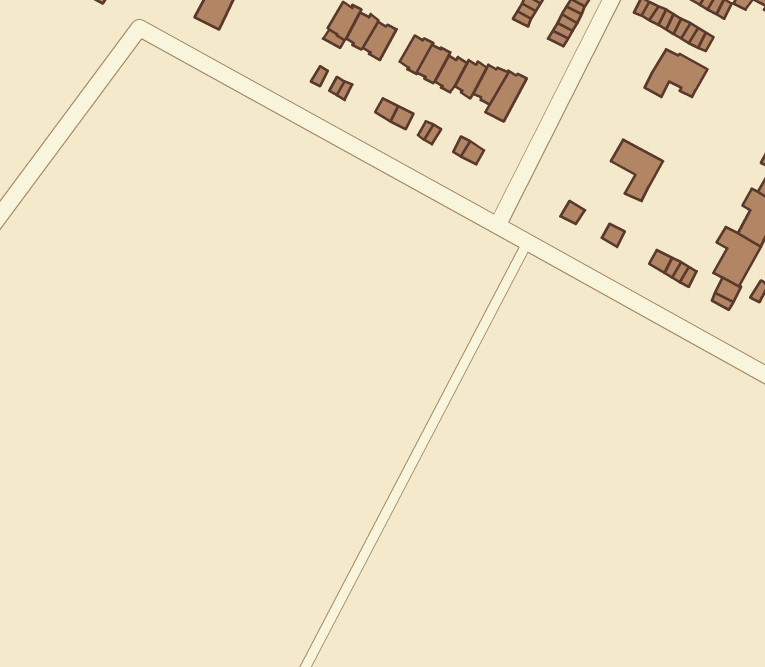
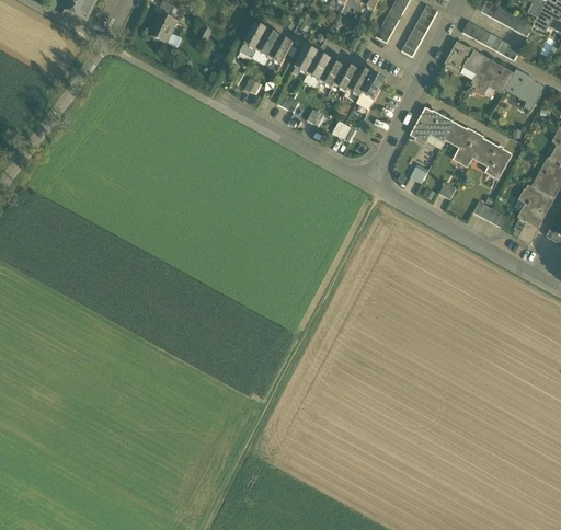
building: none -> [444,41,485,74]
building: none -> [506,69,545,111]
building: none -> [410,107,455,142]
building: none -> [473,138,512,180]

